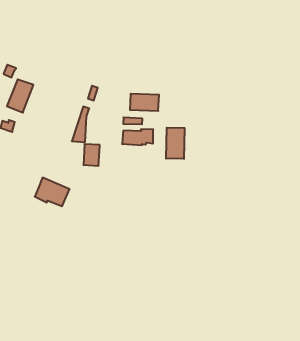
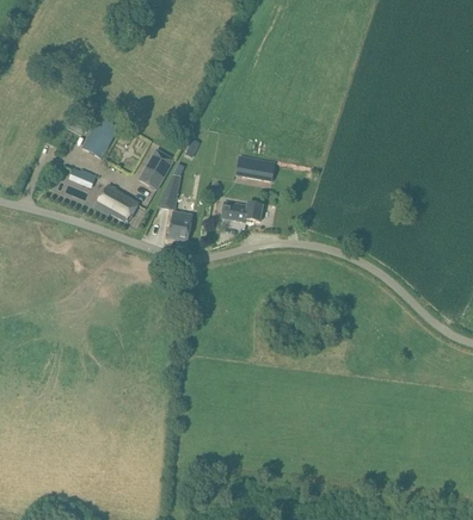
building: none -> [139,148,173,187]
building: [166,128,185,159] -> none
building: [35,178,70,206] -> [93,182,139,222]

